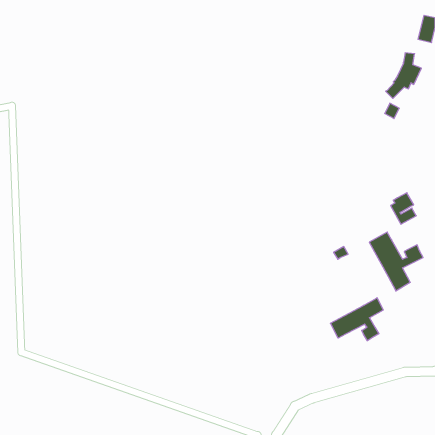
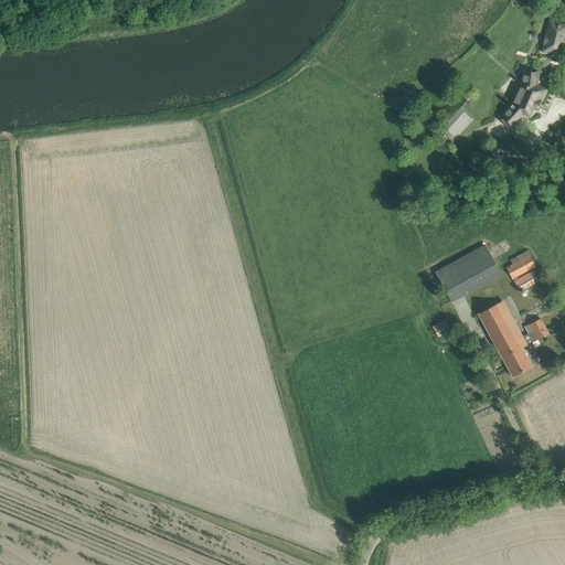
building: none -> [435,244,500,300]
building: [330,298,383,341] -> none

